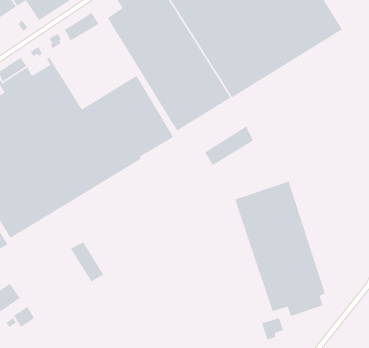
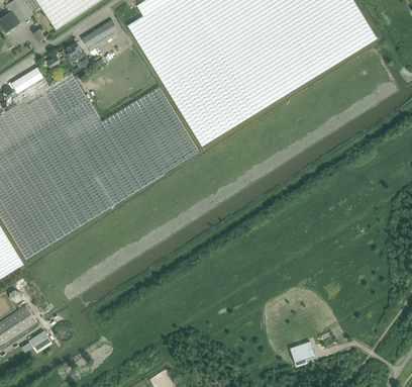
building: [204,126,254,166] -> none
building: [234,181,326,317] -> none
building: [70,241,104,283] -> none

